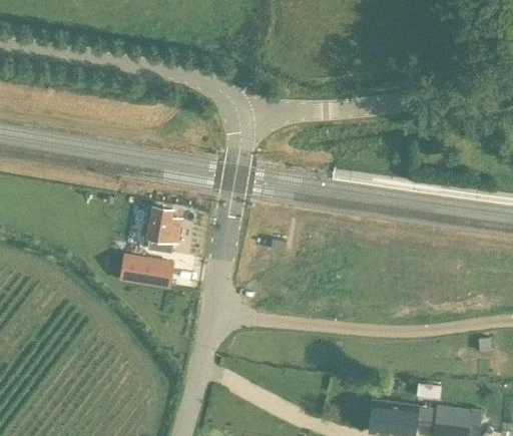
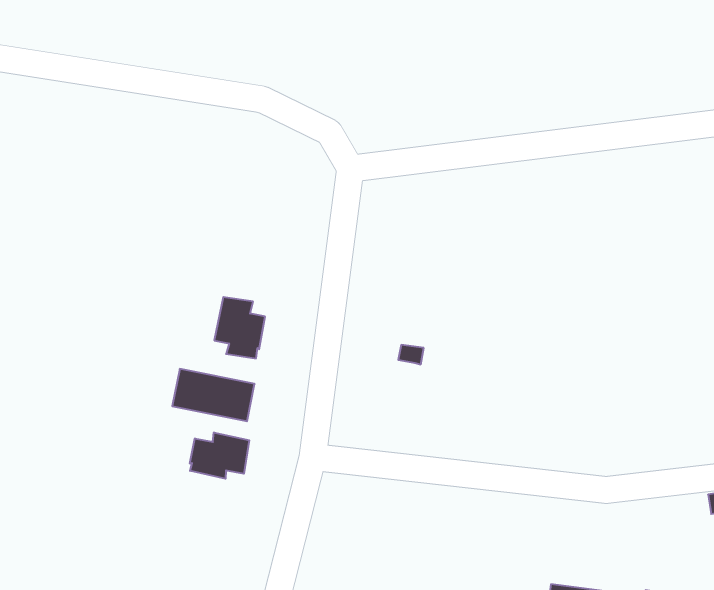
building: none -> [190,432,249,479]

